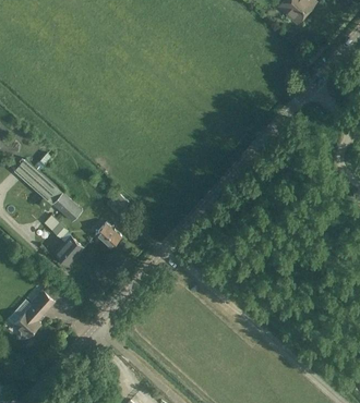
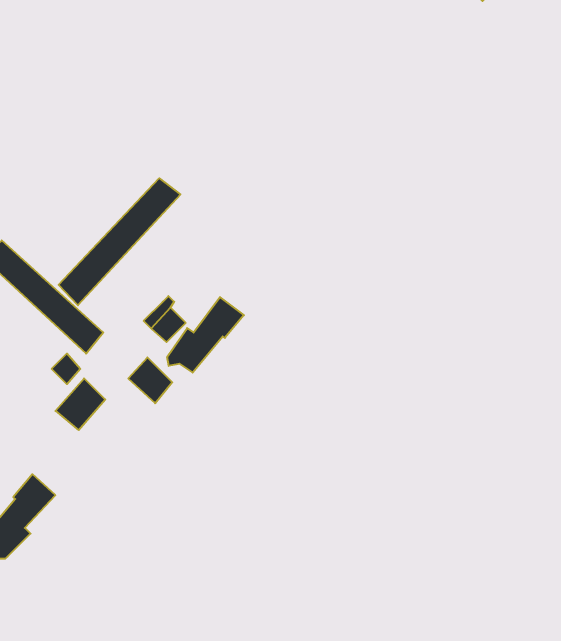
building: none -> [59,178,180,305]
building: none -> [167,297,244,373]

